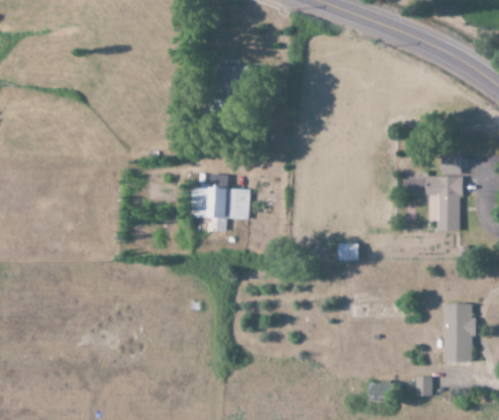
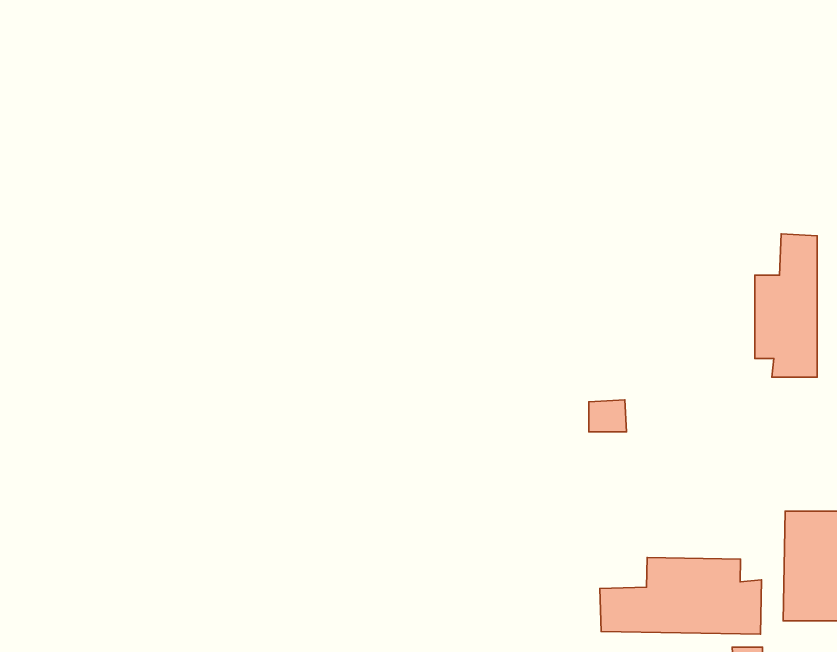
building: [191,175,249,219] -> none
building: none -> [600,558,761,634]

